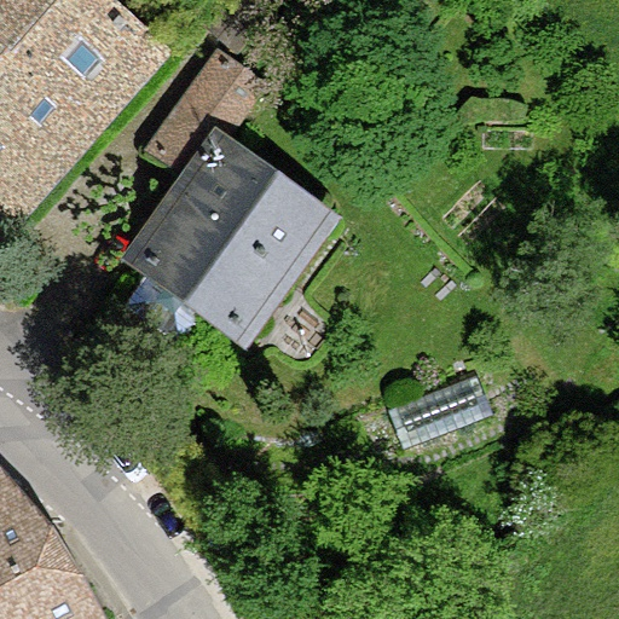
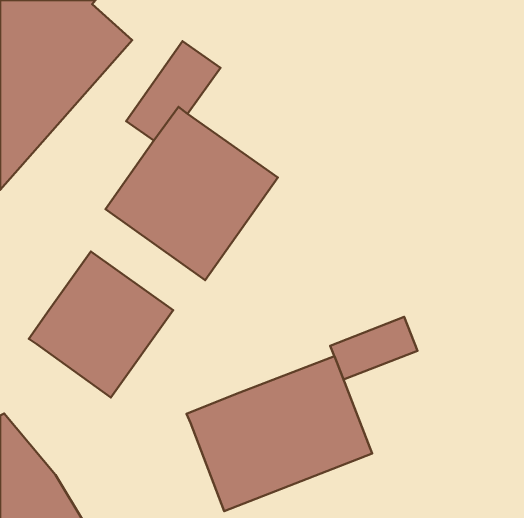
building: none -> [29,252,173,398]
building: none -> [186,356,372,511]

